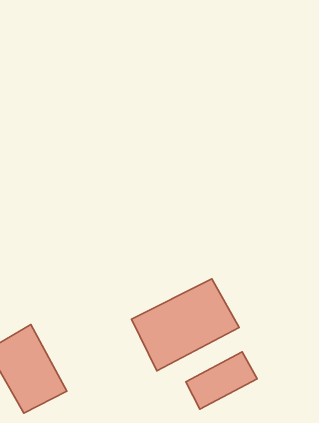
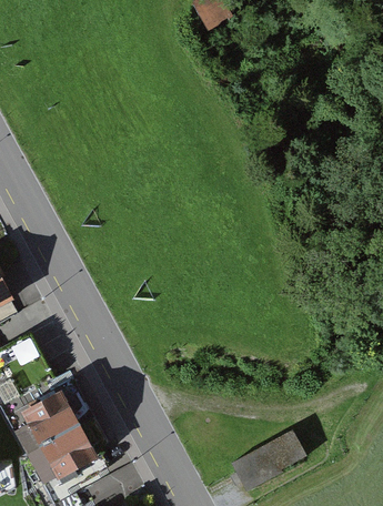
building: [132,279,239,371] -> none

